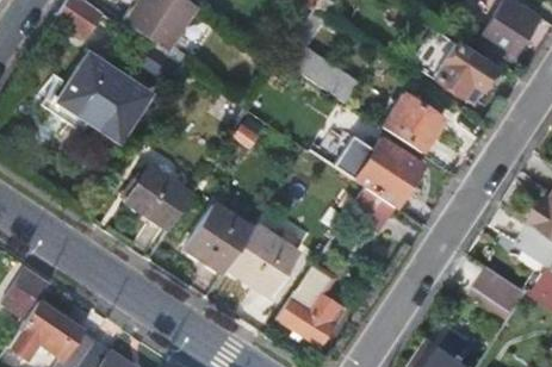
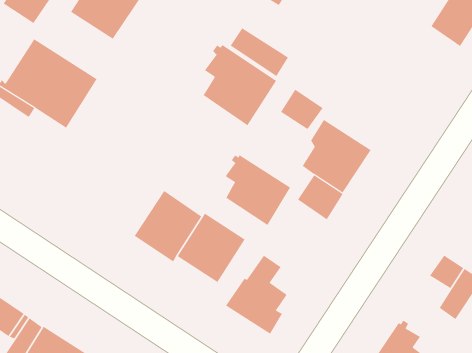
building: [433,44,492,102] -> none
building: none -> [203,44,277,126]
building: [382,92,441,151] -> none
building: [124,166,191,229] -> none
building: none -> [225,154,291,226]

